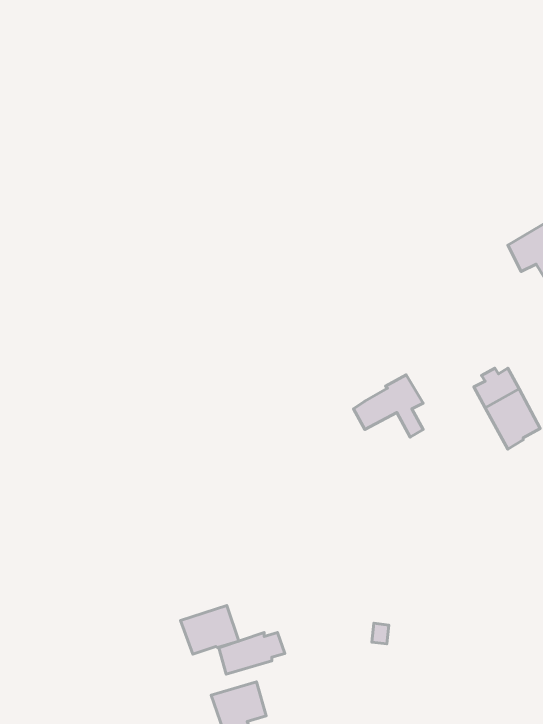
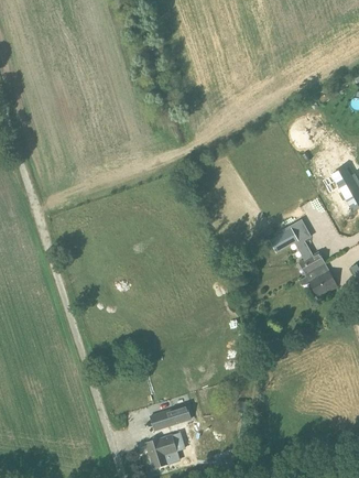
building: [353,375,423,437] -> [272,218,313,254]
building: [181,605,239,654] -> none

